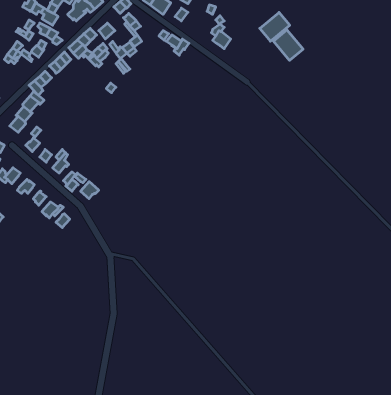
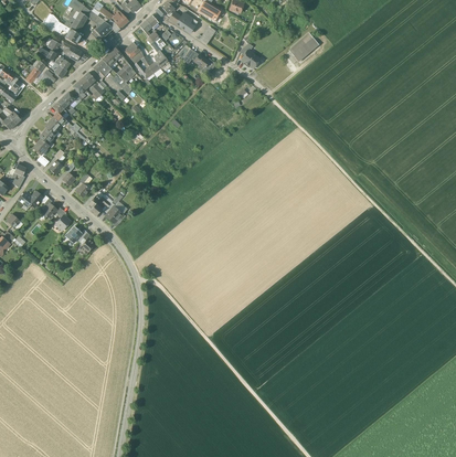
building: [273,30,303,60] -> none

